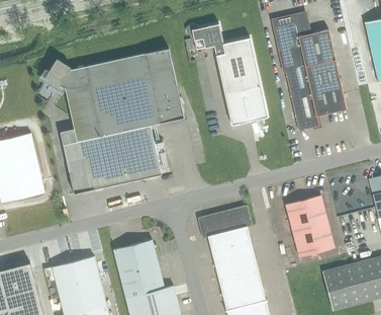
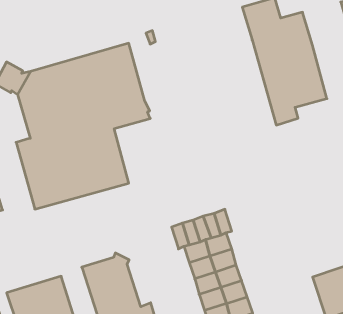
building: [187,23,268,125] -> none
building: [285,195,335,256] -> none

